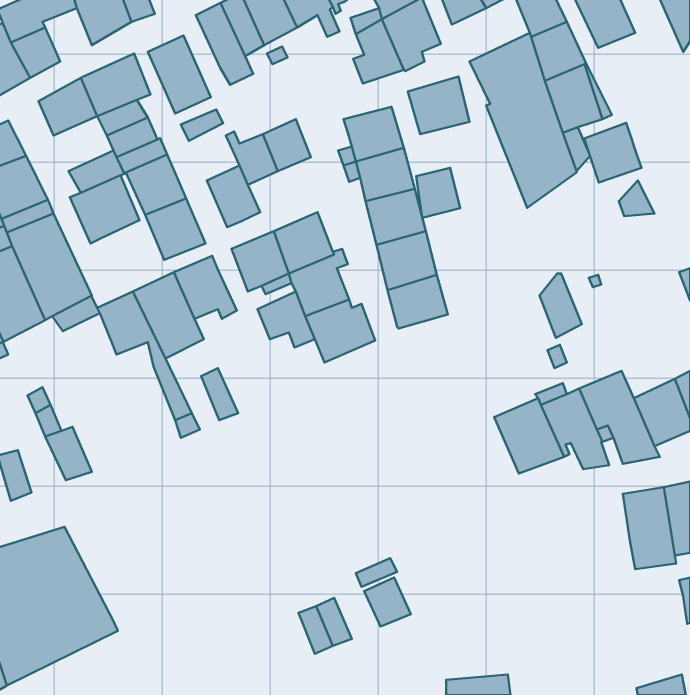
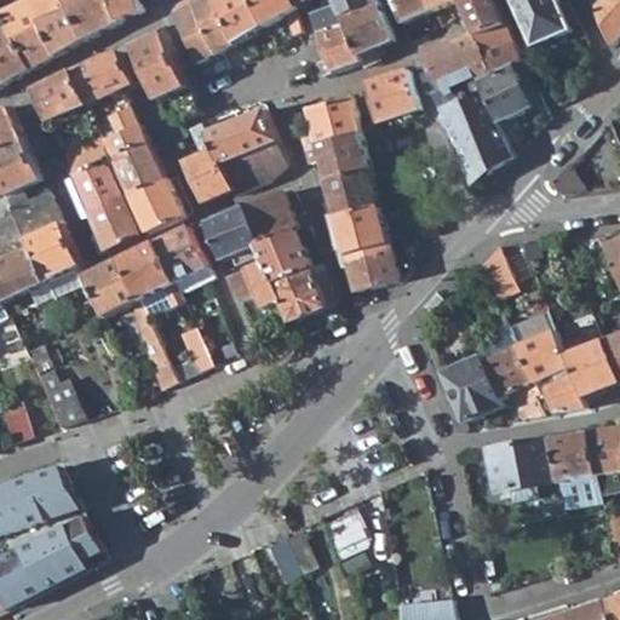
building: none -> [38,7,81,54]
building: [584,123,641,182] -> none
building: none -> [219,139,287,194]
building: [416,168,460,218] -> none
building: none -> [90,195,140,249]
building: none -> [486,437,557,488]

